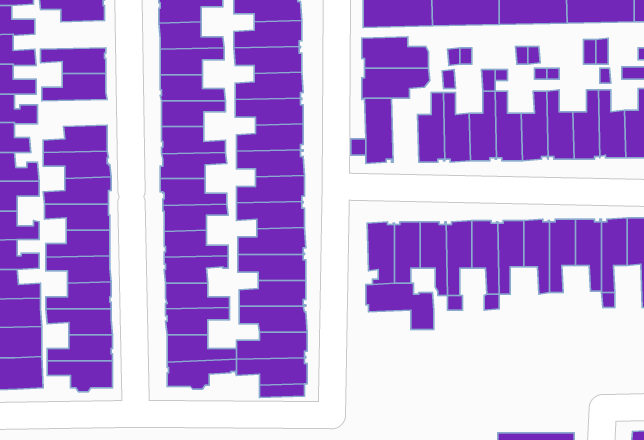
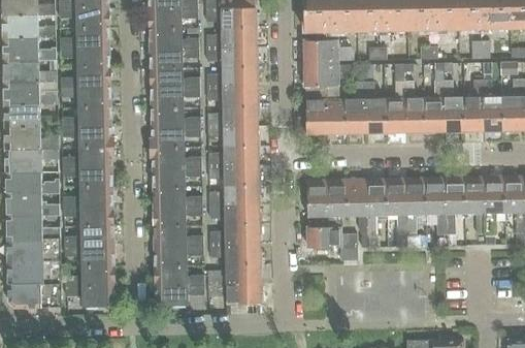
building: none -> [60,27,109,49]
building: none -> [326,86,347,134]
building: none -> [61,87,110,107]

